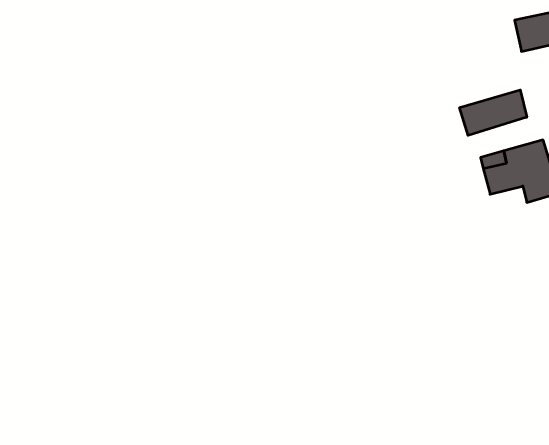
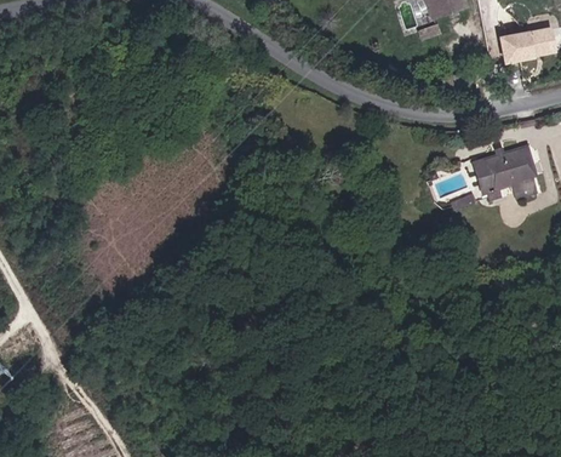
building: [460,90,527,135] -> none

